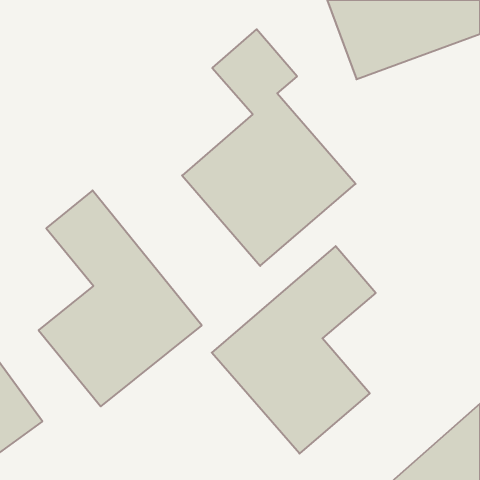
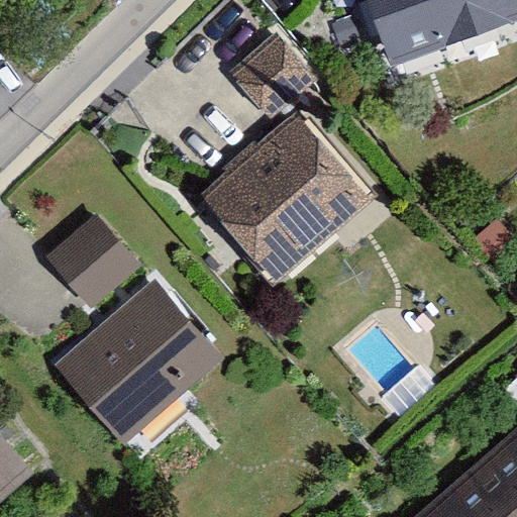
building: [212,246,376,454] -> none

